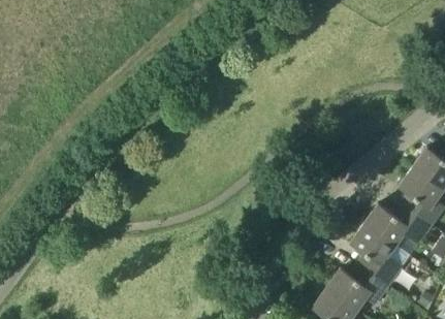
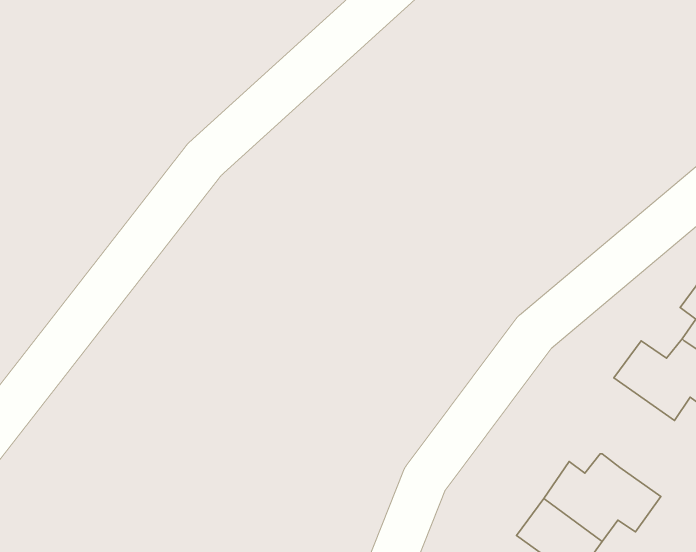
building: [350,223,402,286] -> none

